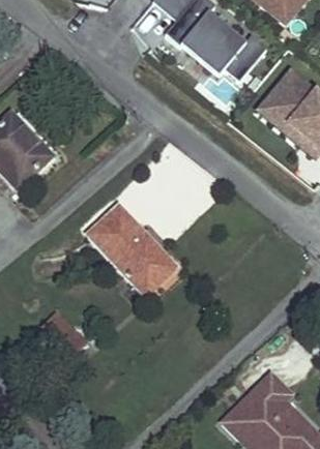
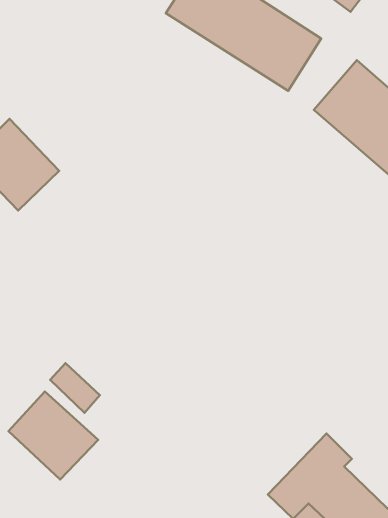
building: [87,203,177,294] -> none
building: none -> [8,392,98,479]

